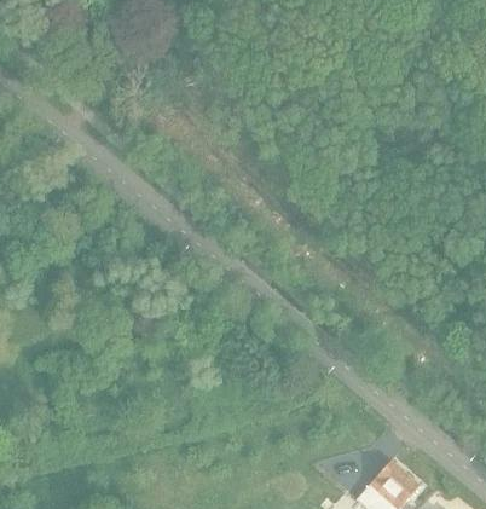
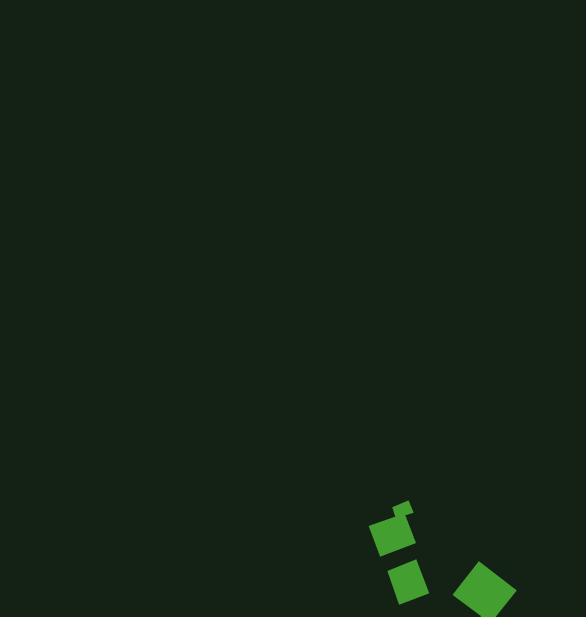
building: none -> [368,499,417,557]

